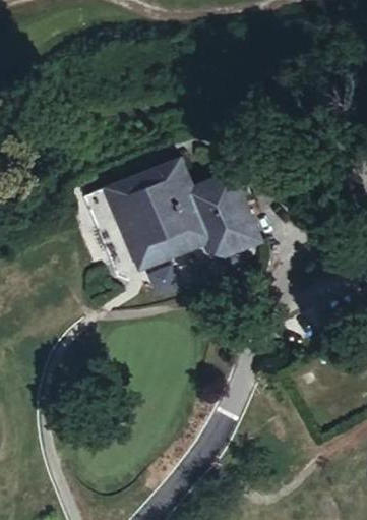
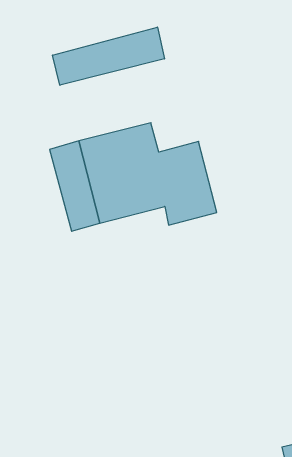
building: none -> [53,27,164,85]

